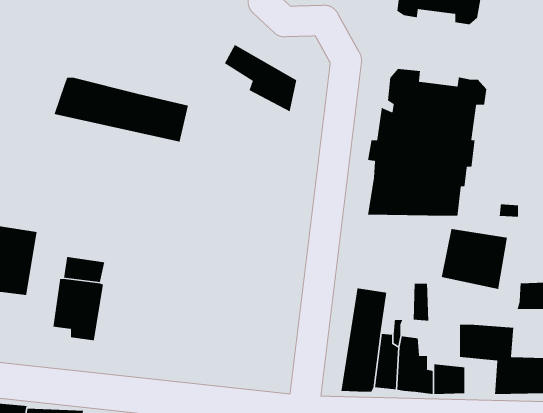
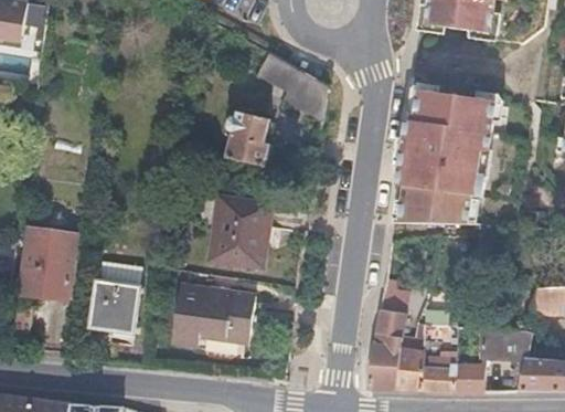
building: [53,77,189,143] -> none
building: none -> [225,108,270,160]
building: none -> [211,198,271,266]
building: [441,228,508,290] -> none
building: none -> [173,287,256,347]

